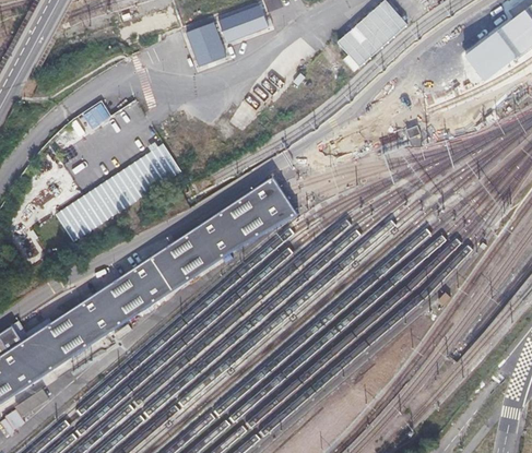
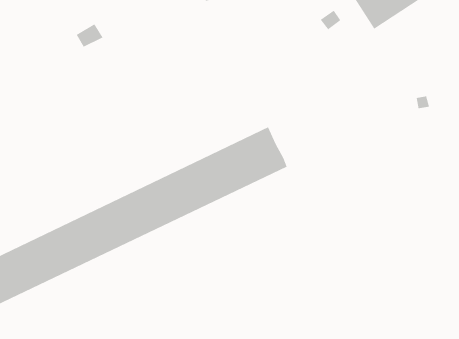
building: [55,142,181,242] -> none

